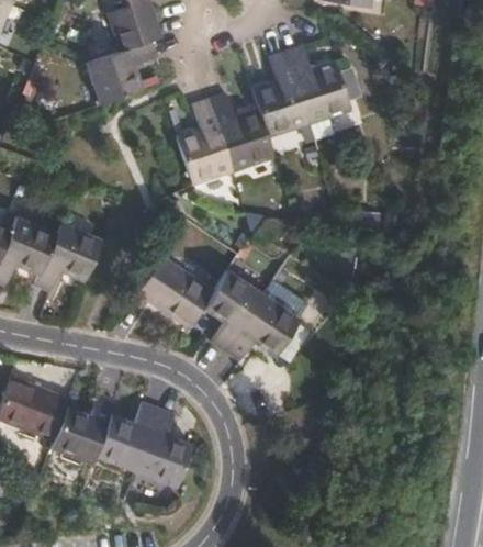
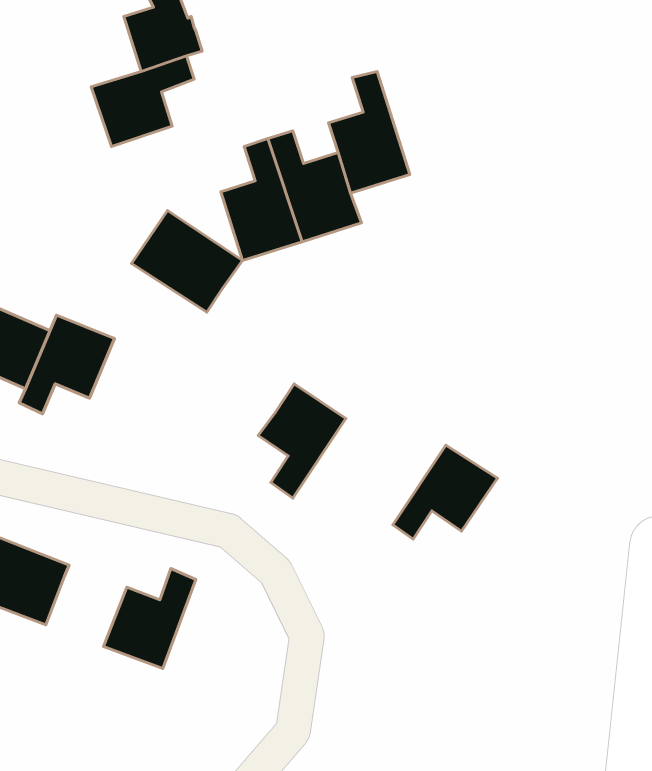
building: [285,45,350,124] -> none
building: [136,256,214,327] -> [132,210,243,312]
building: [226,295,300,361] -> [393,445,498,539]
building: [49,394,115,464] -> none
building: [135,409,191,487] -> none

